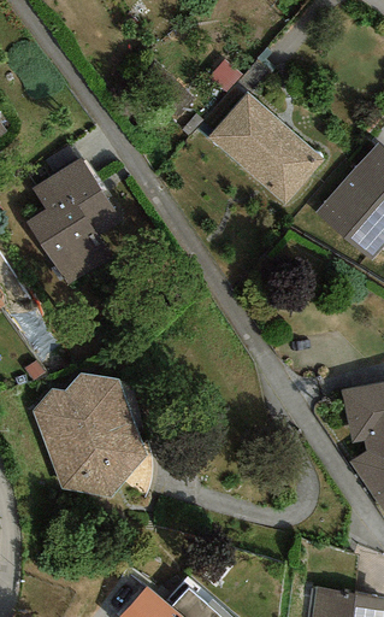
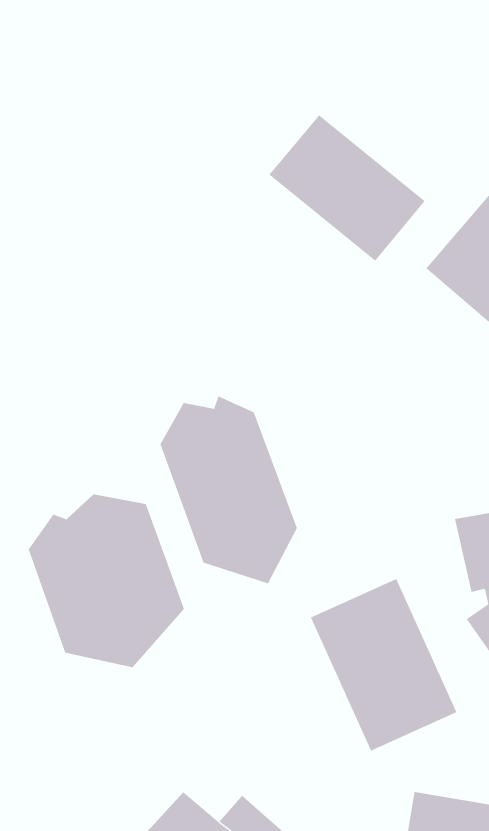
building: [26,158,119,288] -> none
building: none -> [160,395,297,584]
building: none -> [310,578,457,751]

